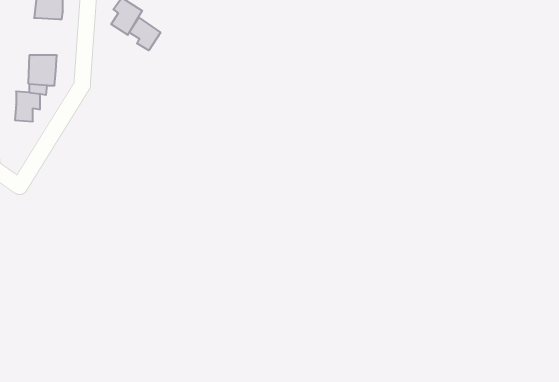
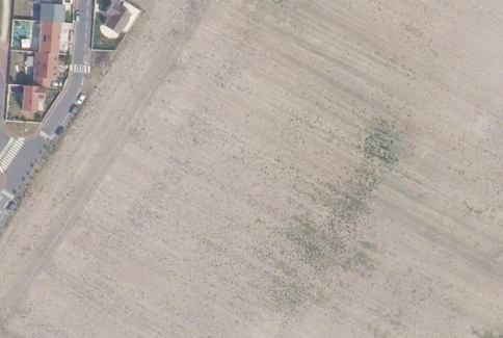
building: [129,18,160,50] -> none
building: none -> [38,20,60,52]

